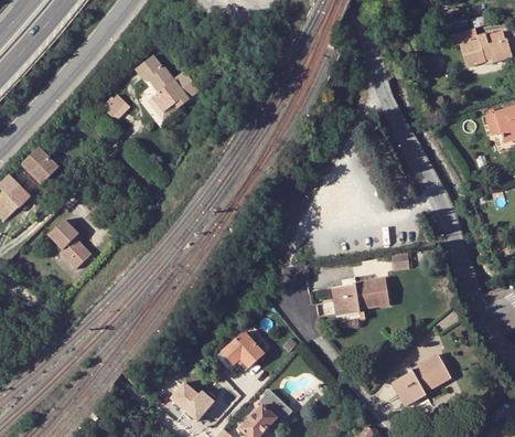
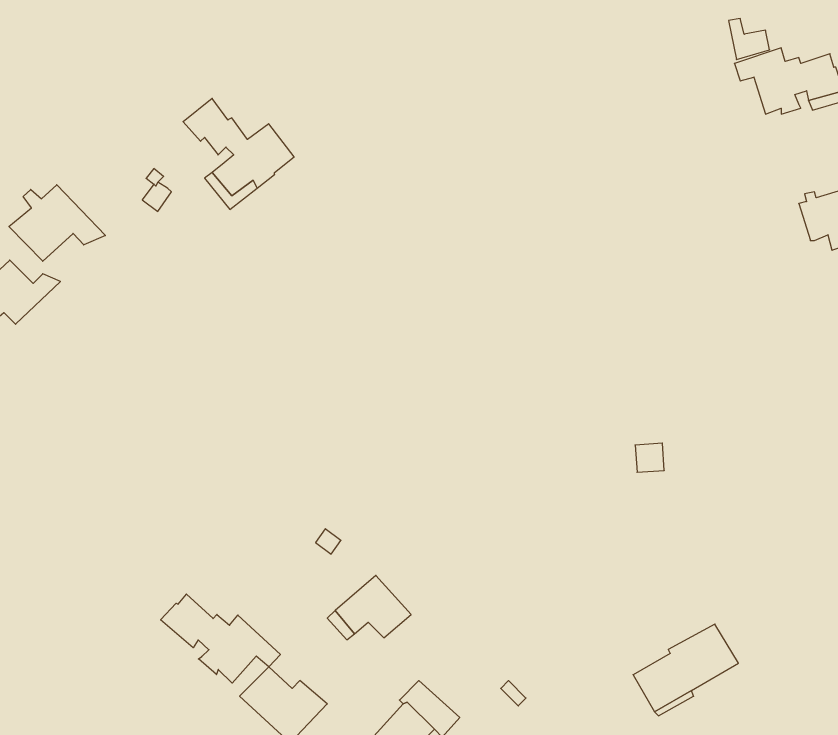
building: none -> [9,185,105,261]
building: [49,221,90,270] -> none
building: [333,279,389,312] -> none
building: none -> [161,594,280,683]

